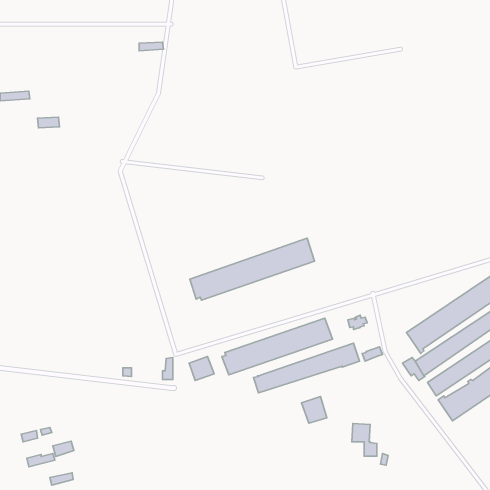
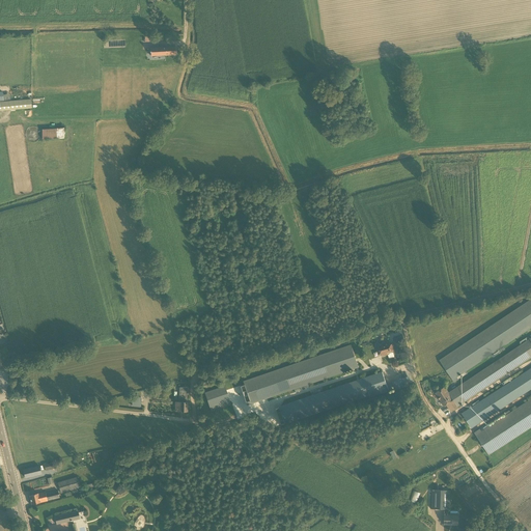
building: [190,238,315,300] -> none
building: [302,396,327,423] -> none
building: [352,423,377,456] -> [431,488,458,524]

